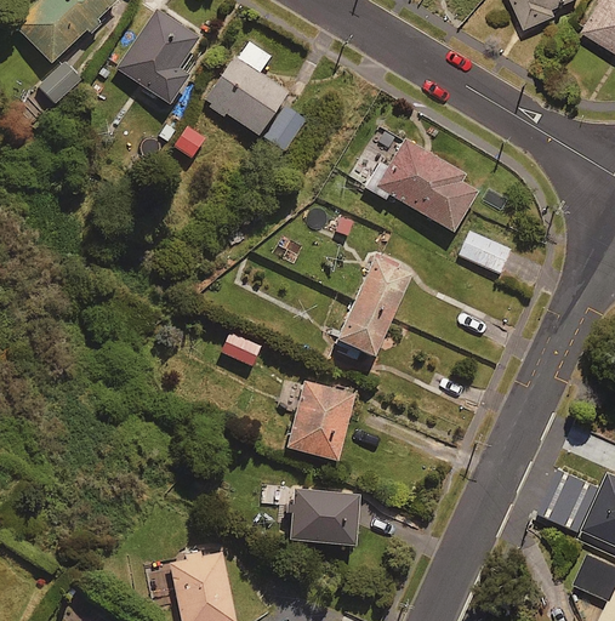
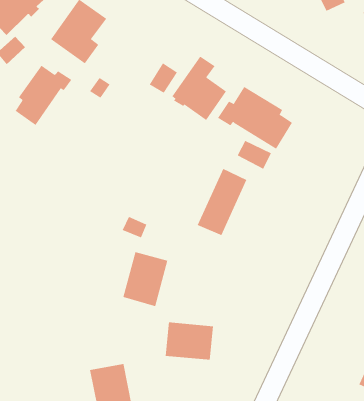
building: [205,39,287,136] -> [171,56,227,121]
building: none -> [15,65,72,126]
building: [459,228,511,272] -> [237,140,272,169]
building: [286,381,354,463] -> [123,252,168,307]

